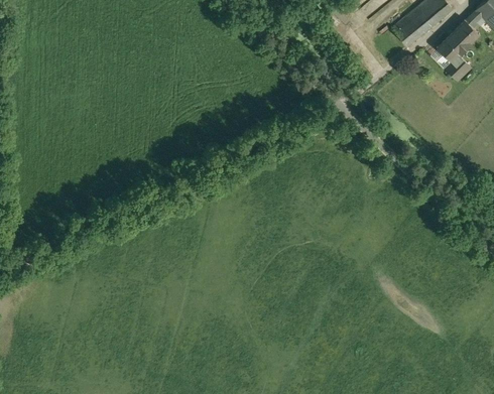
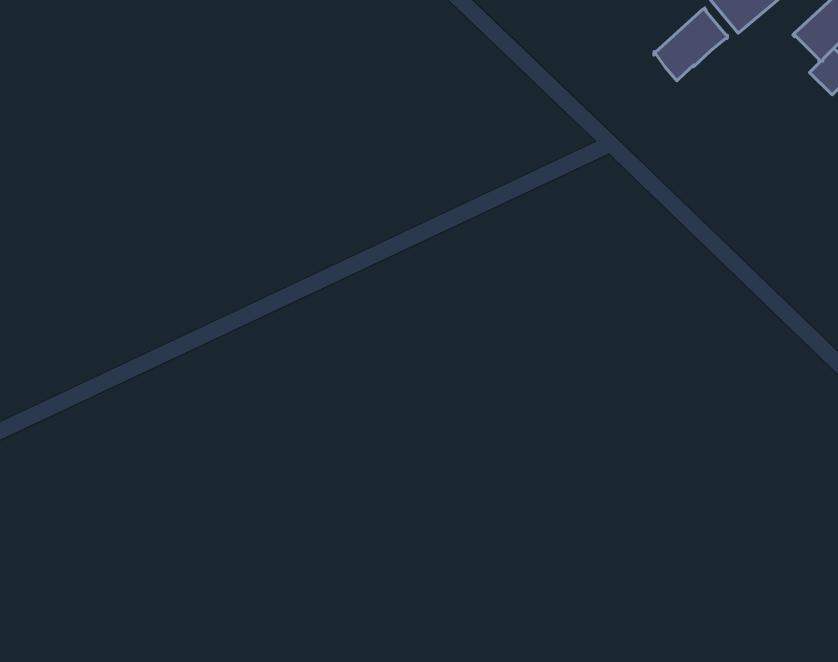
building: none -> [654,8,728,81]

